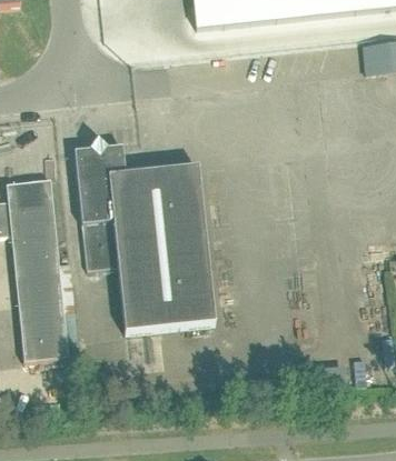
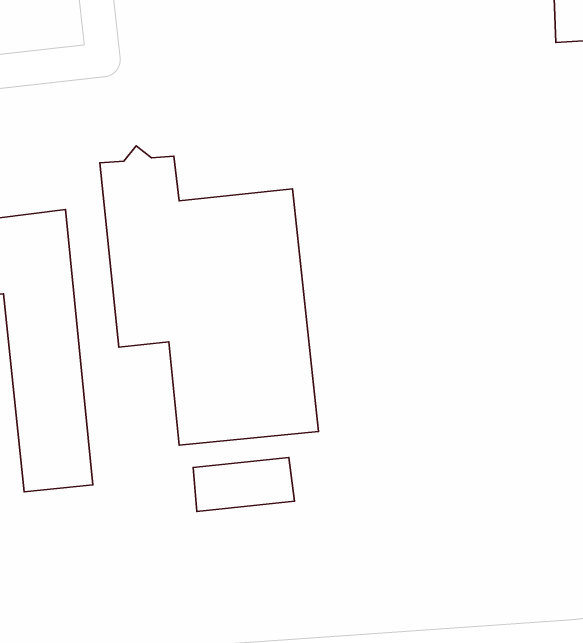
building: none -> [193,458,295,511]

